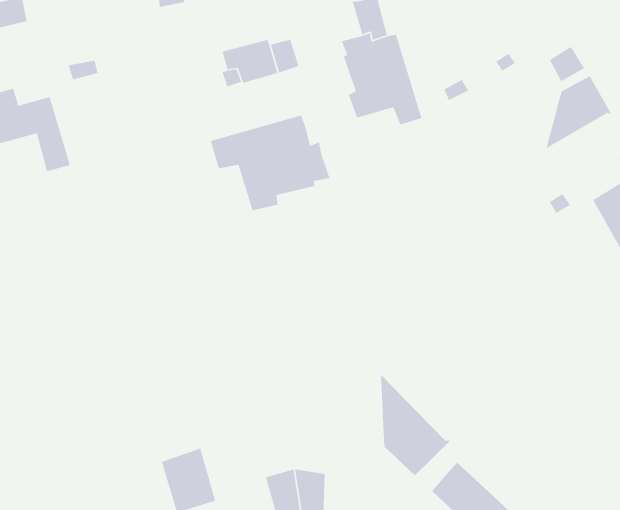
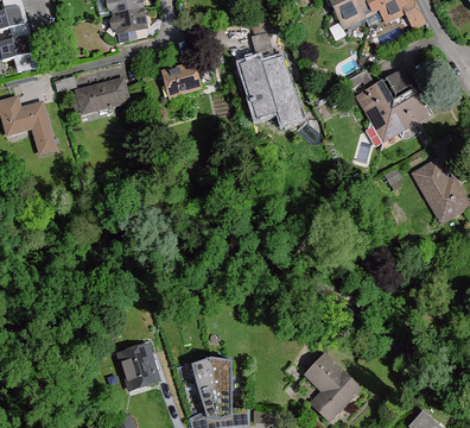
building: none -> [76,78,131,114]
building: none -> [354,80,393,139]
building: [210,114,330,211] -> none
building: [380,373,452,476] -> none

